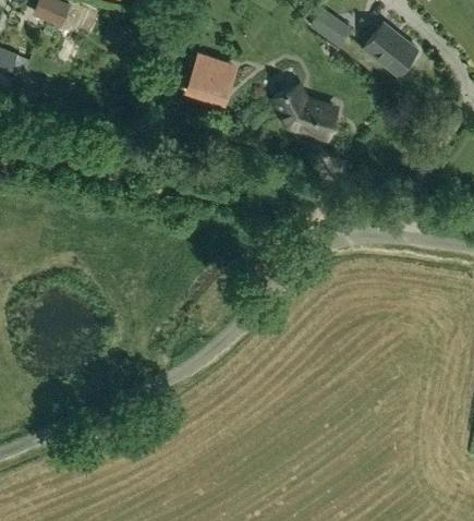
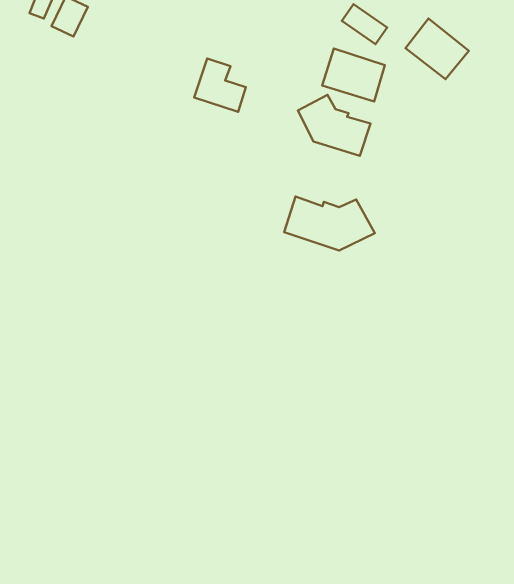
building: none -> [322,48,385,101]
building: none -> [284,196,375,251]

